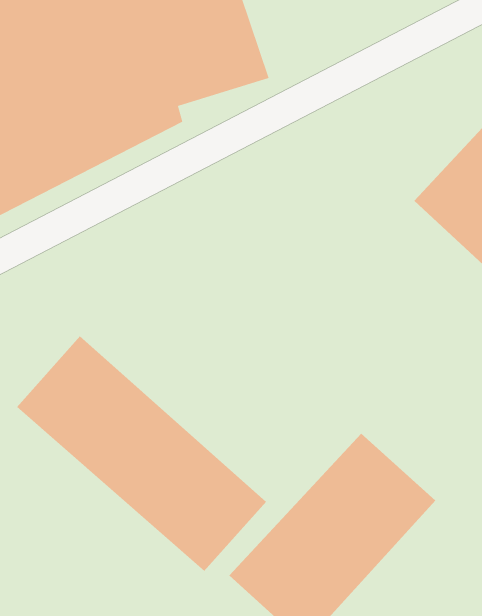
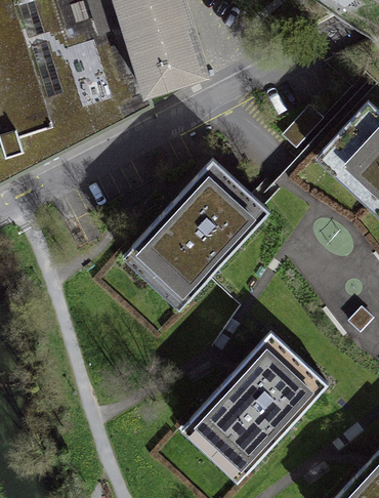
building: none -> [118,160,269,318]
building: [16,336,267,572] -> none

